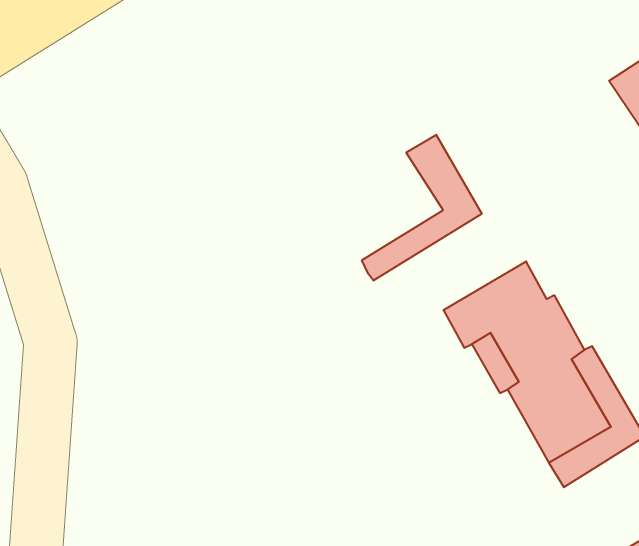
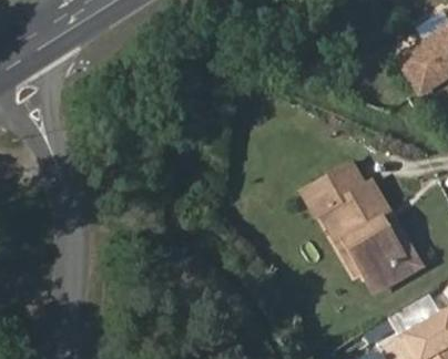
building: [362,135,482,281] -> none

